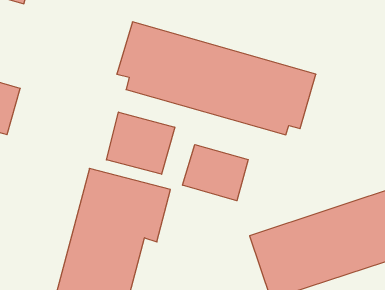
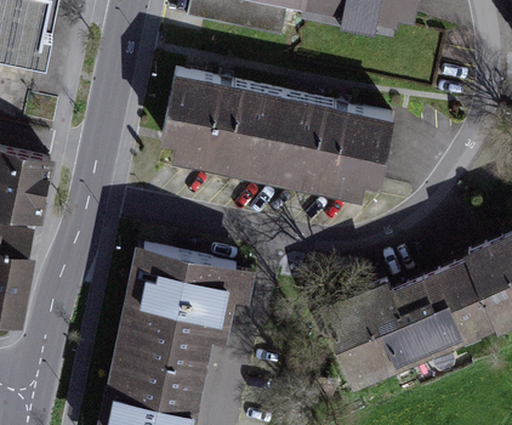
building: [106,112,175,174] -> none
building: [183,145,248,201] -> none

